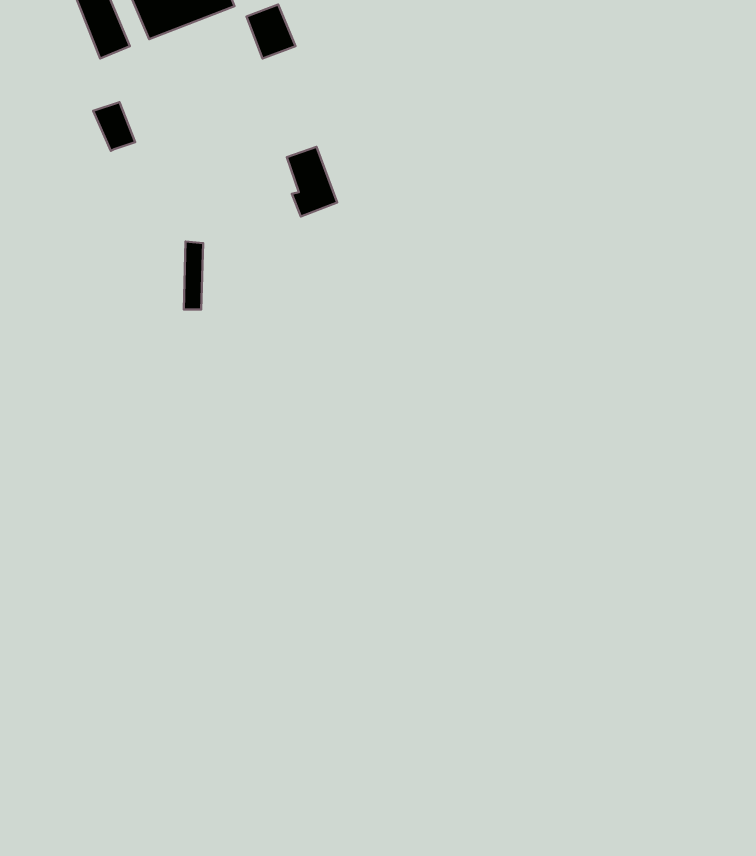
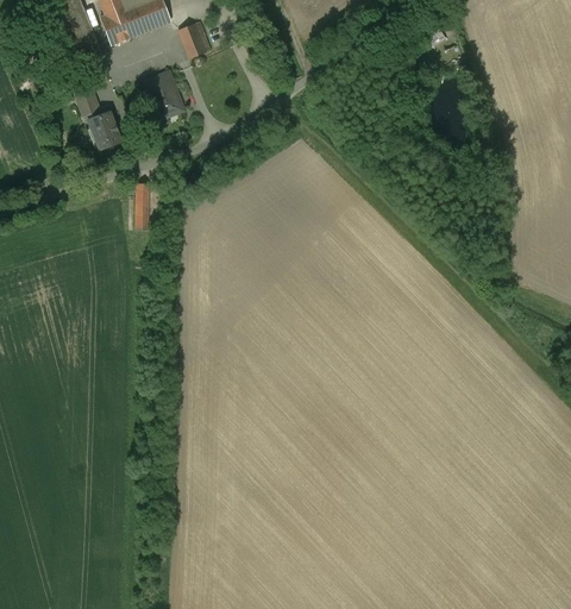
building: none -> [88,111,121,149]
building: [287,147,337,216] -> [149,71,183,119]

